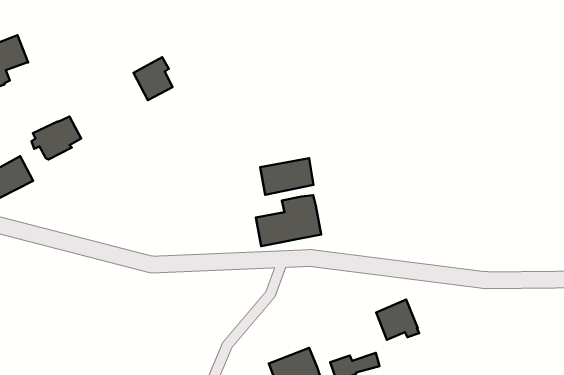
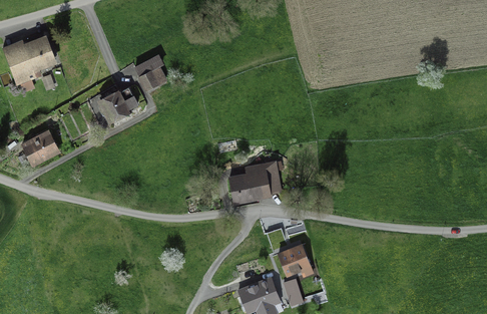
building: [32,116,81,159] -> [99,87,137,120]
building: [260,158,313,195] -> none
building: [376,299,419,340] -> [279,244,312,275]

